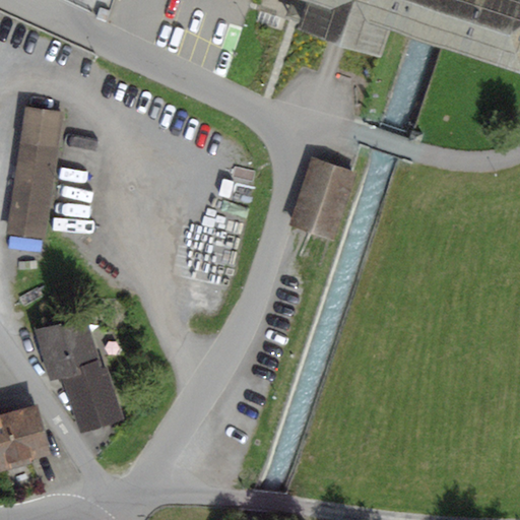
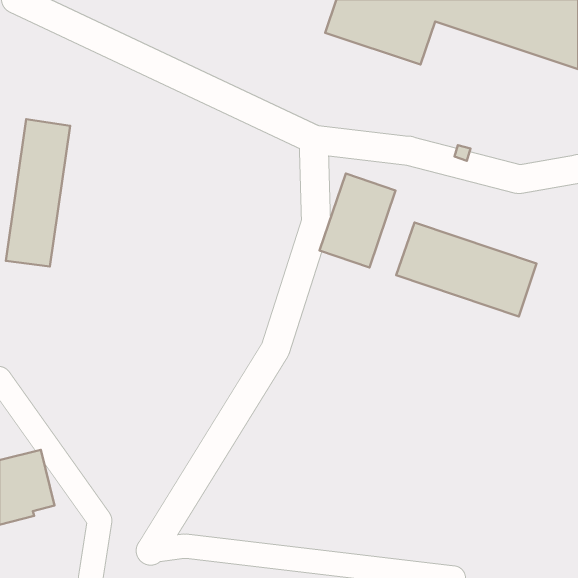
building: none -> [396,223,536,317]
building: [36,315,121,429] -> none

